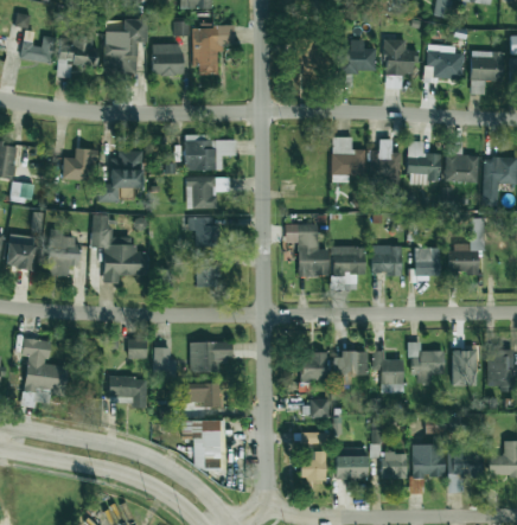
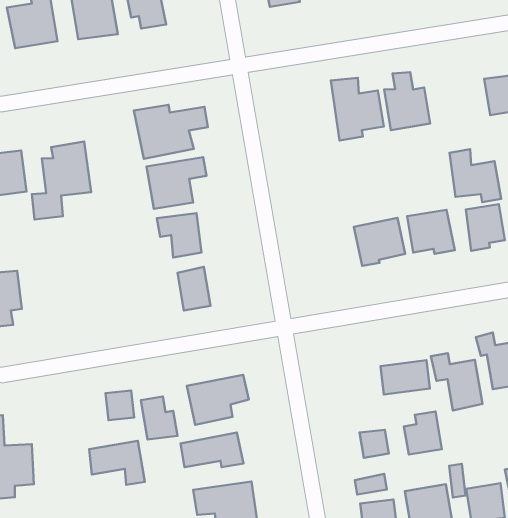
building: [407,141,440,181] -> [450,149,501,202]
building: [90,215,147,283] -> none
building: [285,224,327,276] -> none
building: [301,352,326,380] -> [404,411,442,455]

